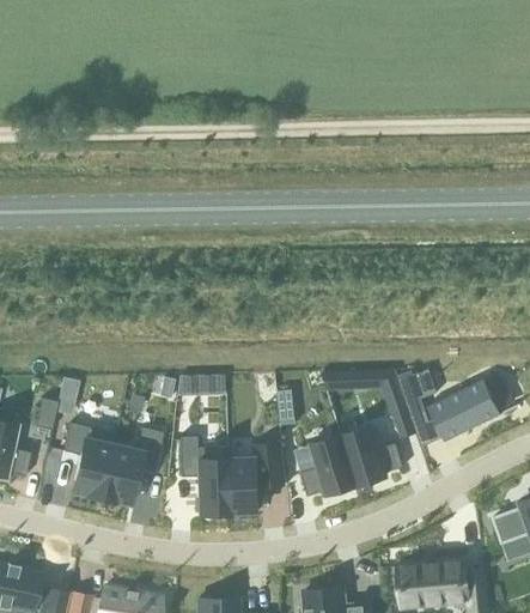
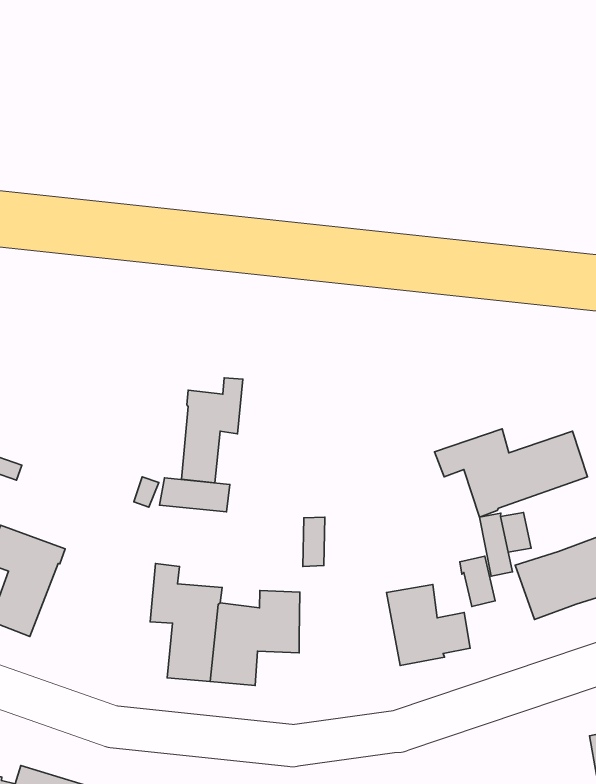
building: none -> [181,378,243,483]
building: none -> [435,429,588,517]
building: [99,426,163,504] -> none
building: [300,436,357,496] -> none

